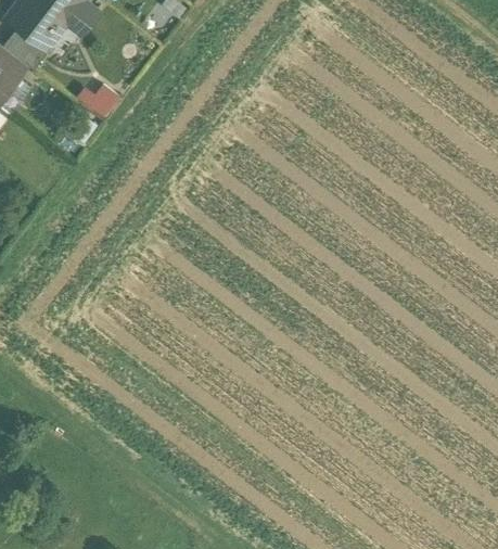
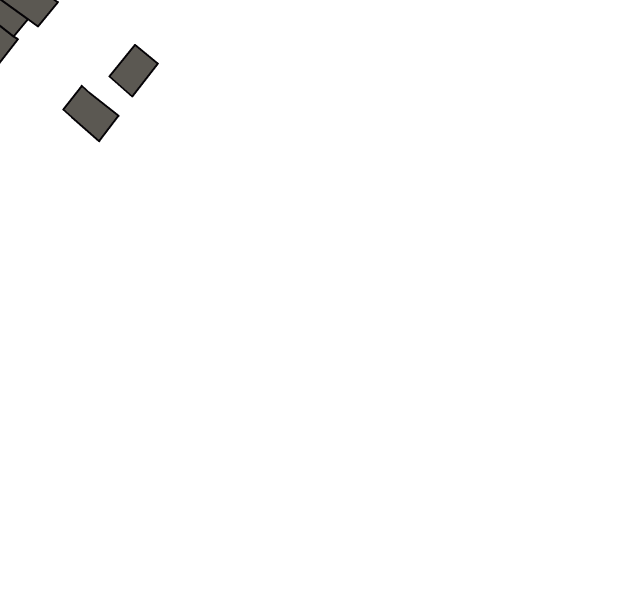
building: none -> [63,86,119,141]

